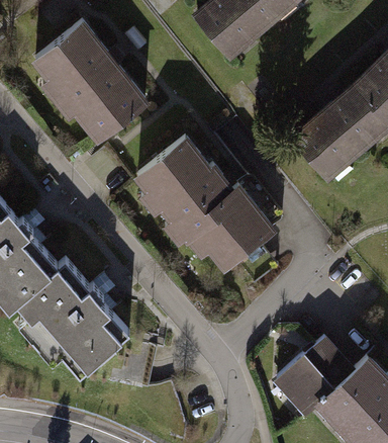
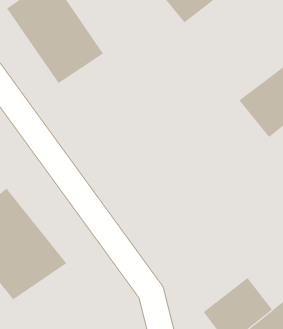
building: [138,137,284,265] -> none

